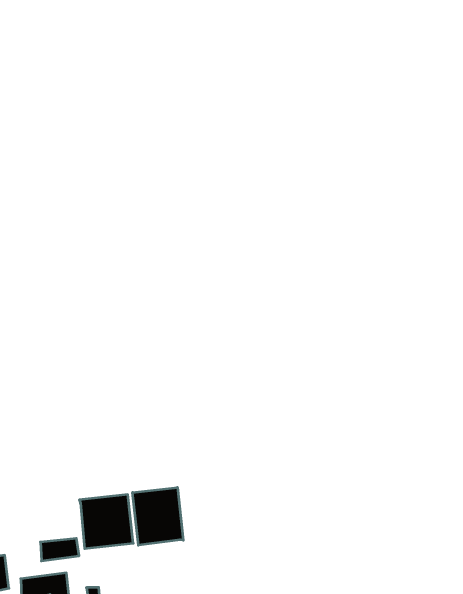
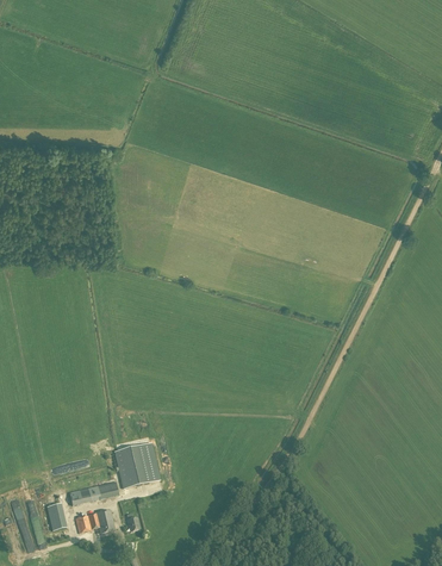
building: [133,487,183,545] -> none

